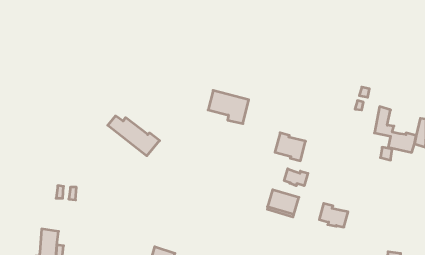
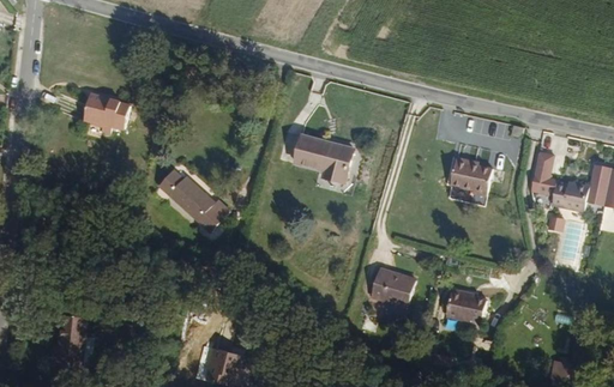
building: none -> [79,87,125,127]
building: [275,133,306,161] -> [453,158,496,198]
building: [284,169,308,186] -> none

